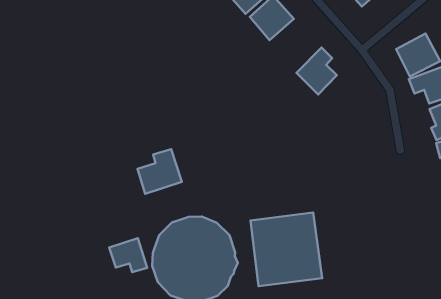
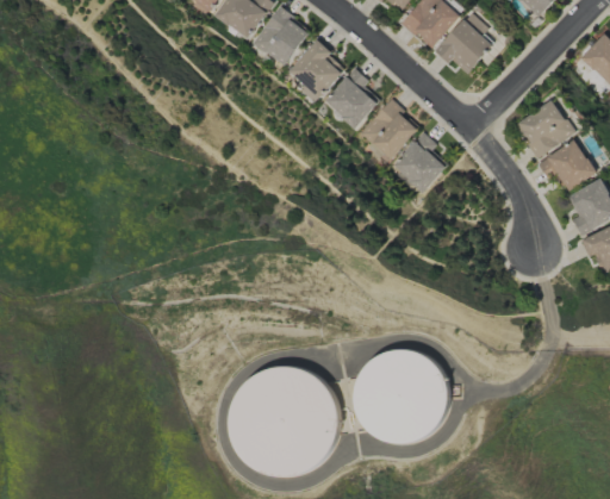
building: none -> [360,98,417,160]
building: [138,149,182,194] -> none
building: [109,238,147,272] -> none

